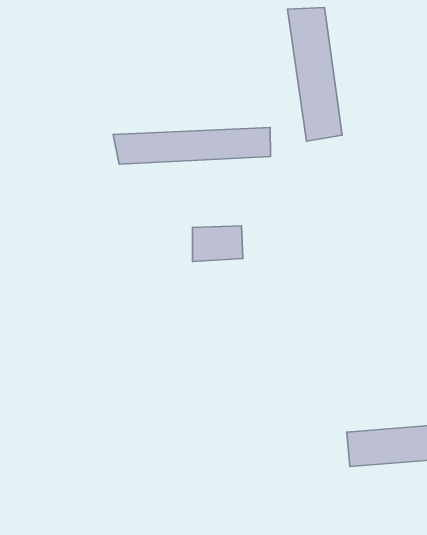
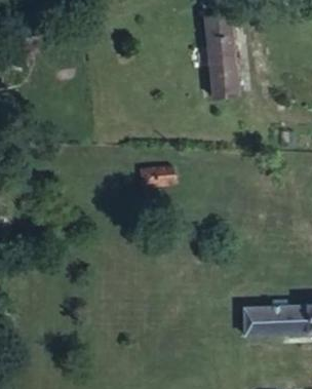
building: [113,127,271,164] -> none

